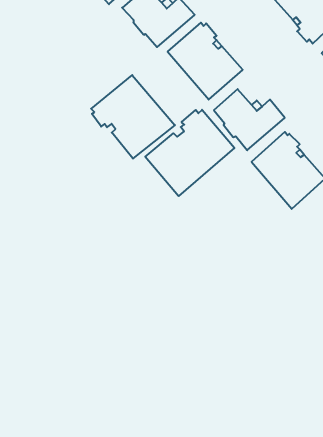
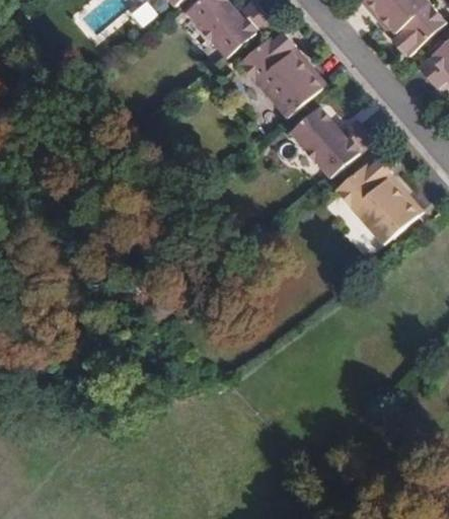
building: [91,75,175,159] -> none
building: [145,110,234,196] -> none

